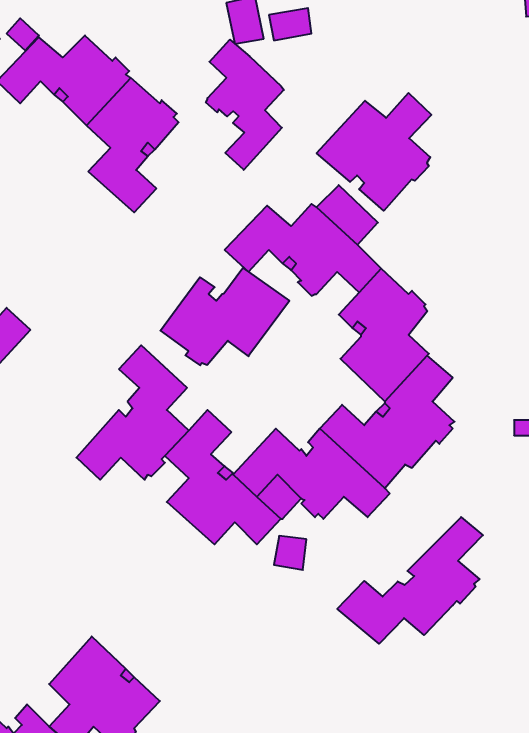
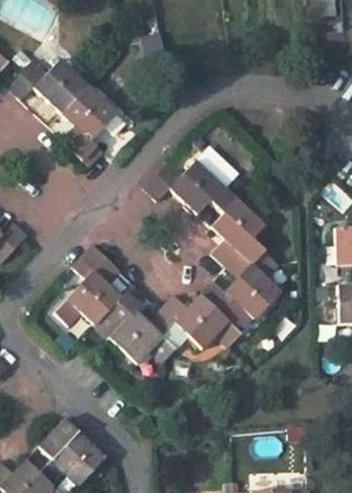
building: [206,40,284,170] -> none
building: [317,93,431,211] -> none
building: [160,268,289,365] -> none
building: [337,517,483,644] -> none

